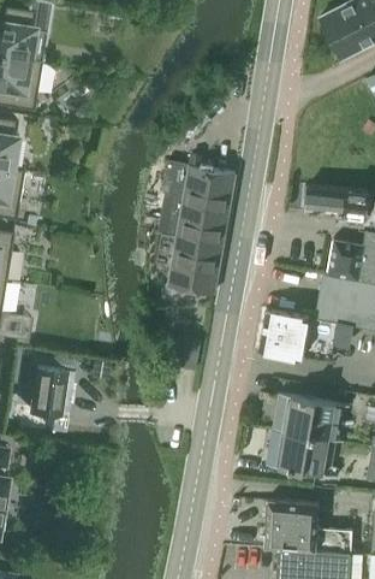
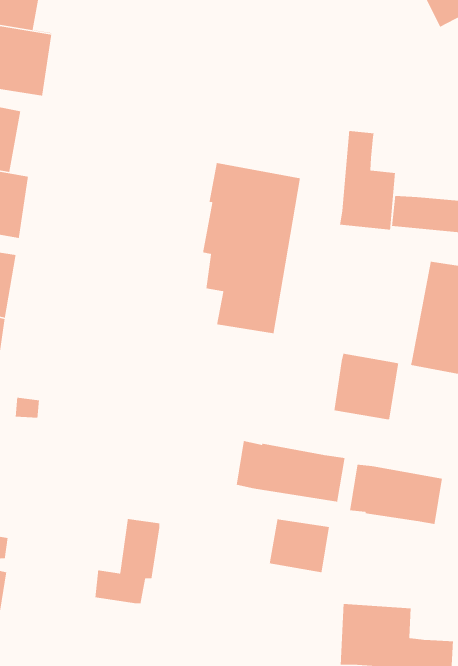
building: none -> [339,130,396,231]
building: [14,367,65,433] -> [94,518,160,604]
building: none -> [236,440,345,503]
building: [276,432,323,474] -> [269,519,330,573]

